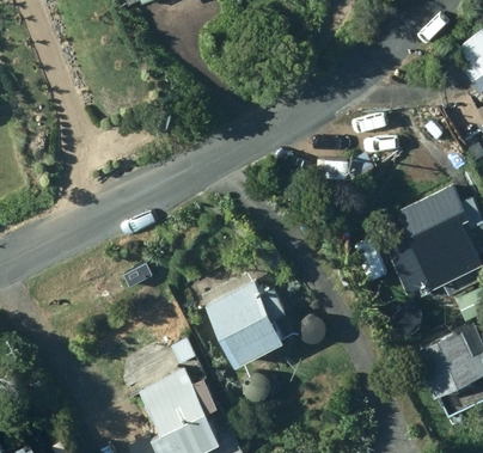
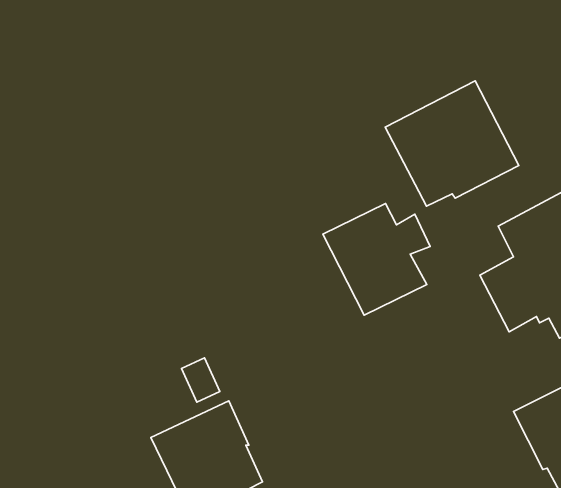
building: none -> [385,81,519,206]
building: [202,282,286,369] -> [323,204,430,315]

